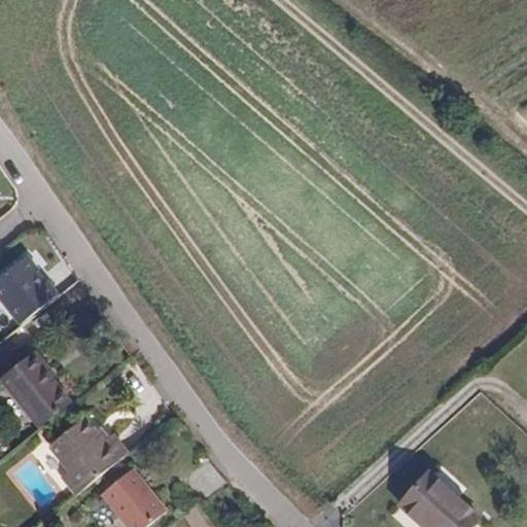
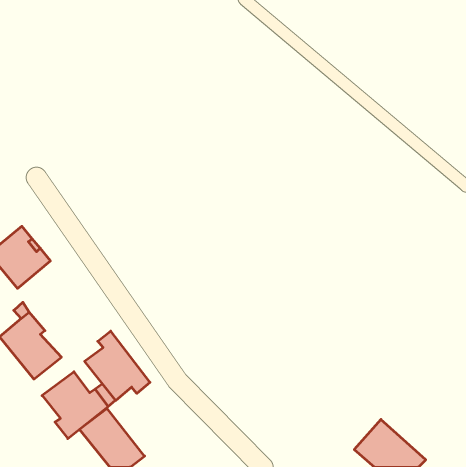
building: none -> [85,331,150,400]

